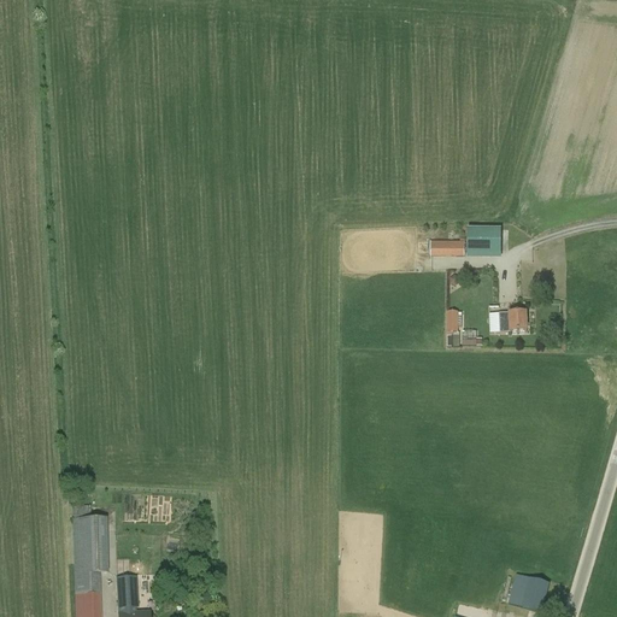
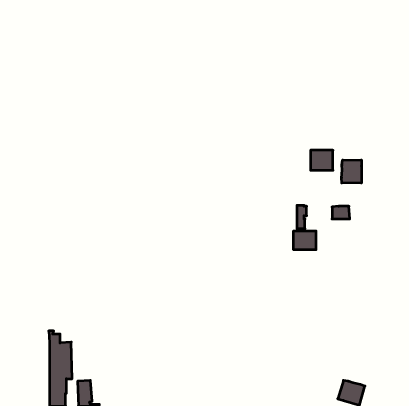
building: [430,236,465,255] -> none
building: none -> [342,160,361,183]
building: none -> [294,231,316,250]

